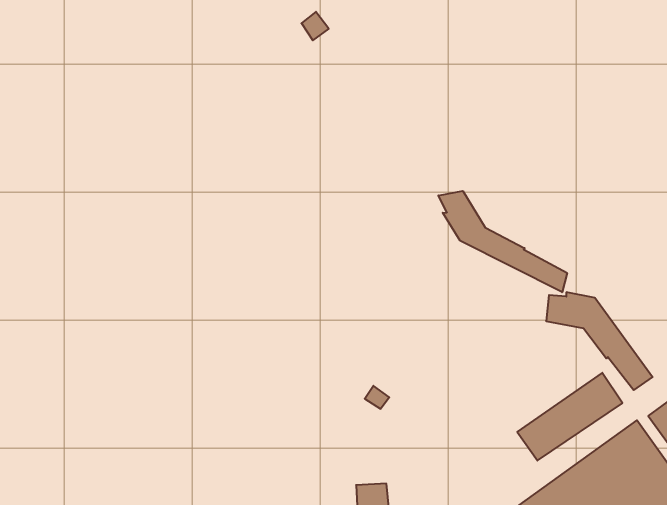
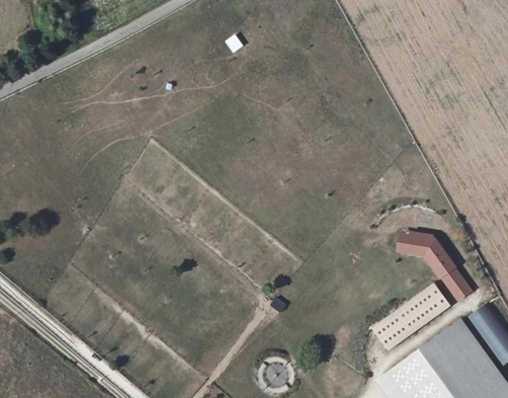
building: [438,191,567,292] -> none

